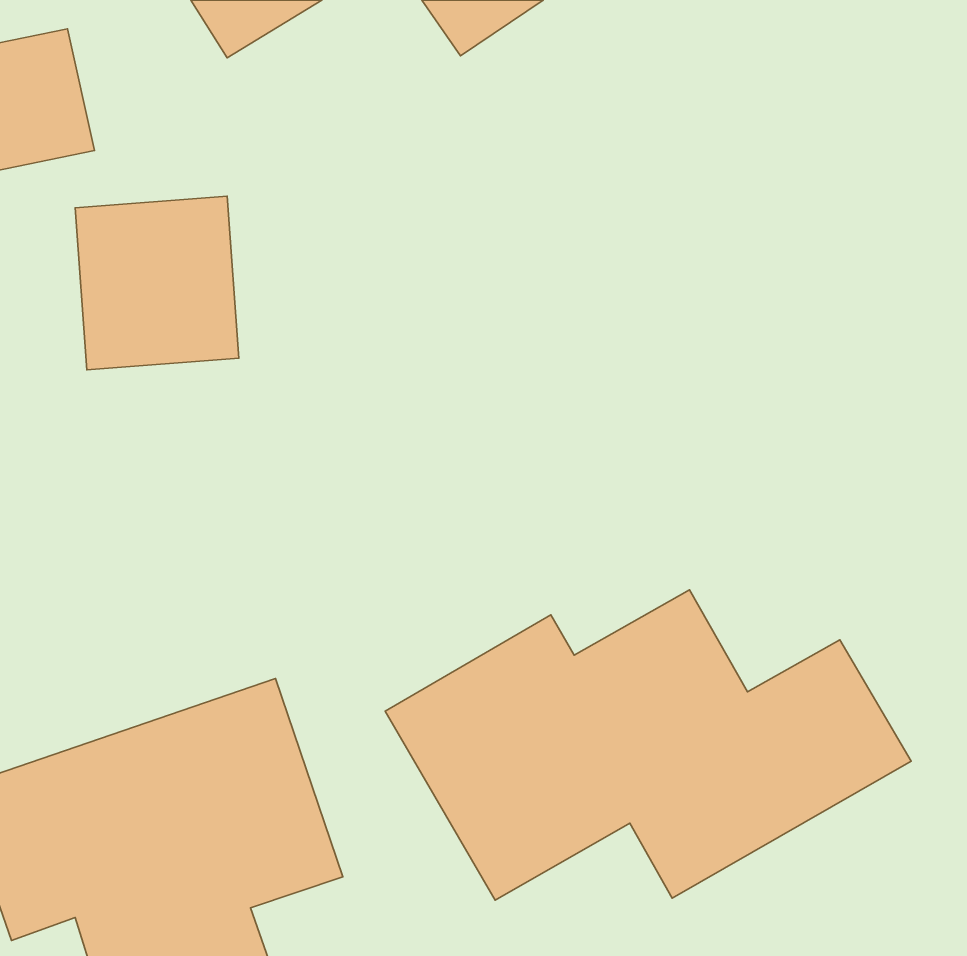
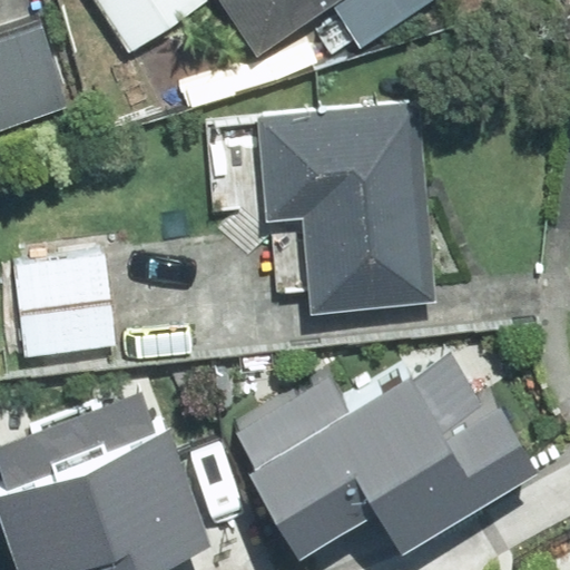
building: none -> [284,109,434,302]
building: [75,196,239,370] -> [20,257,115,357]

